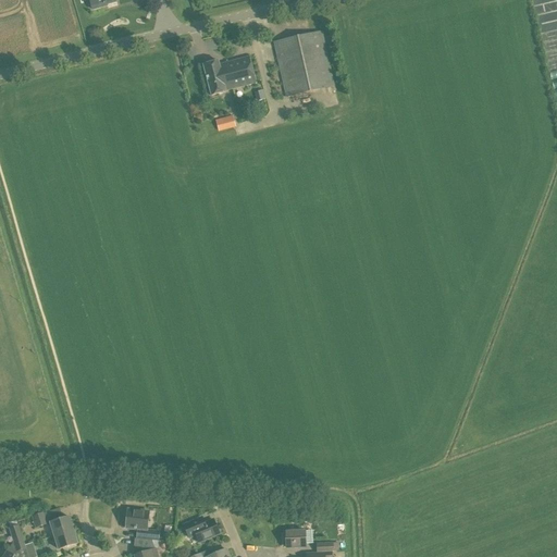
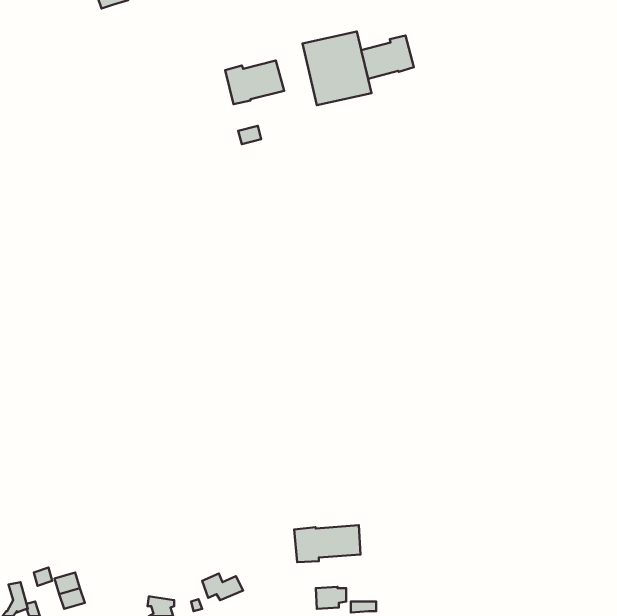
building: none -> [361,35,414,79]
building: none -> [294,525,361,562]
building: [124,507,159,540] -> none

